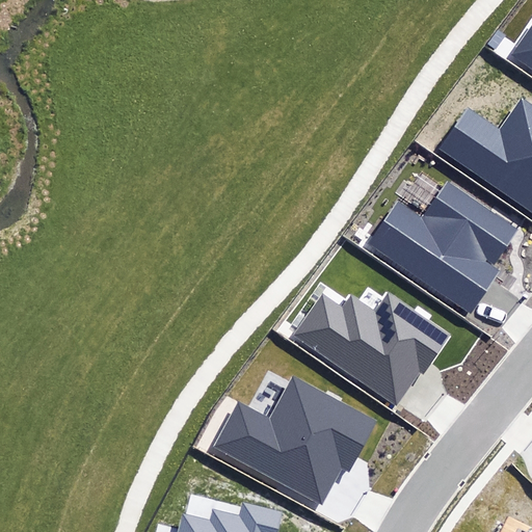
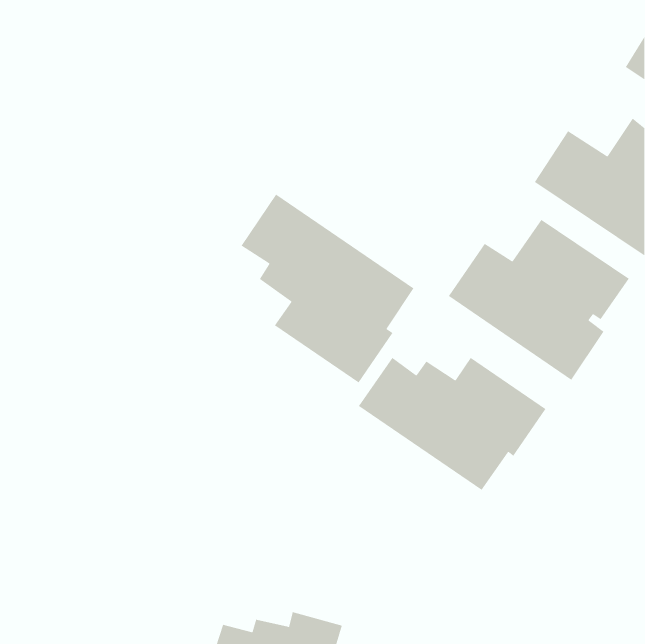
building: none -> [240,193,415,384]
building: [213,376,376,505] -> none

